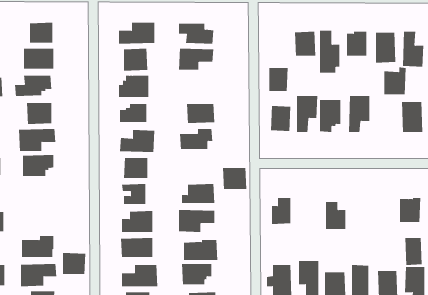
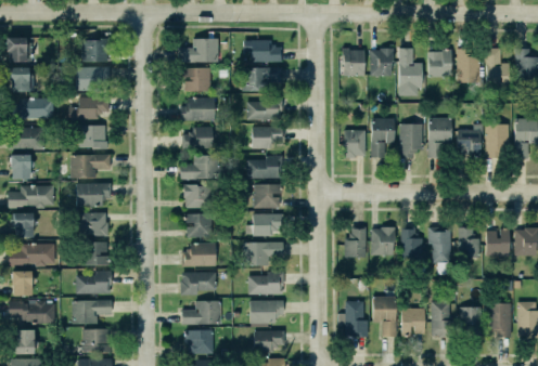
building: [384,67,407,95] -> [458,125,483,155]
building: [269,68,289,92] -> [344,50,366,76]
building: none -> [248,97,282,120]
building: [222,167,247,190] -> [255,184,282,208]
building: none -> [80,212,107,235]
building: none -> [371,227,395,256]
building: none -> [428,227,452,262]
building: [404,237,423,265] -> [459,227,478,258]
building: [62,253,86,275] -> [84,241,110,265]

